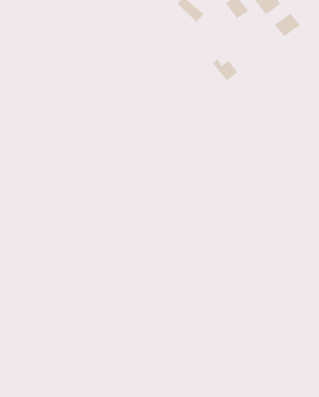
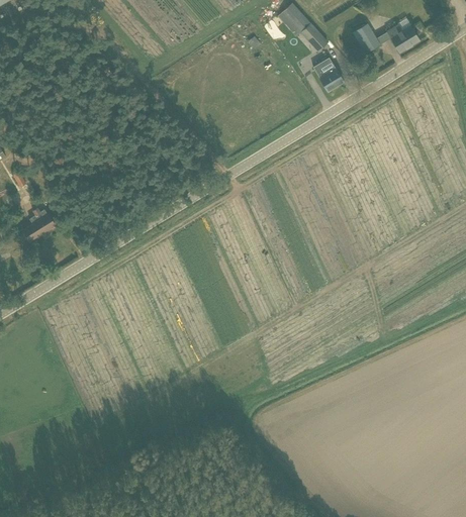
building: [274,12,301,37] -> none
building: [212,58,238,82] -> [313,63,343,91]

